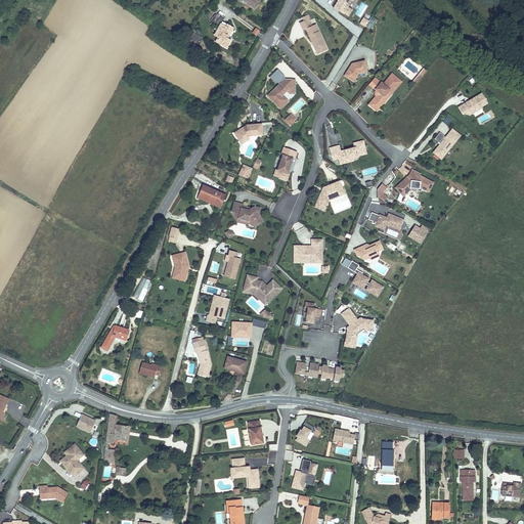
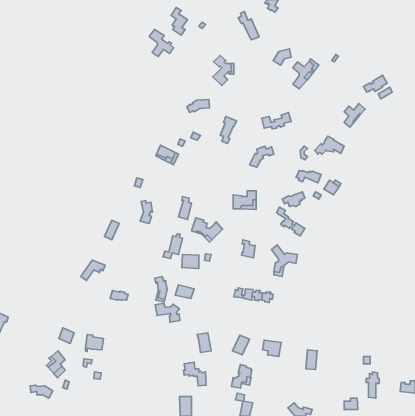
building: none -> [149,29,173,57]
building: [231,201,263,225] -> none
building: none -> [155,303,180,322]

